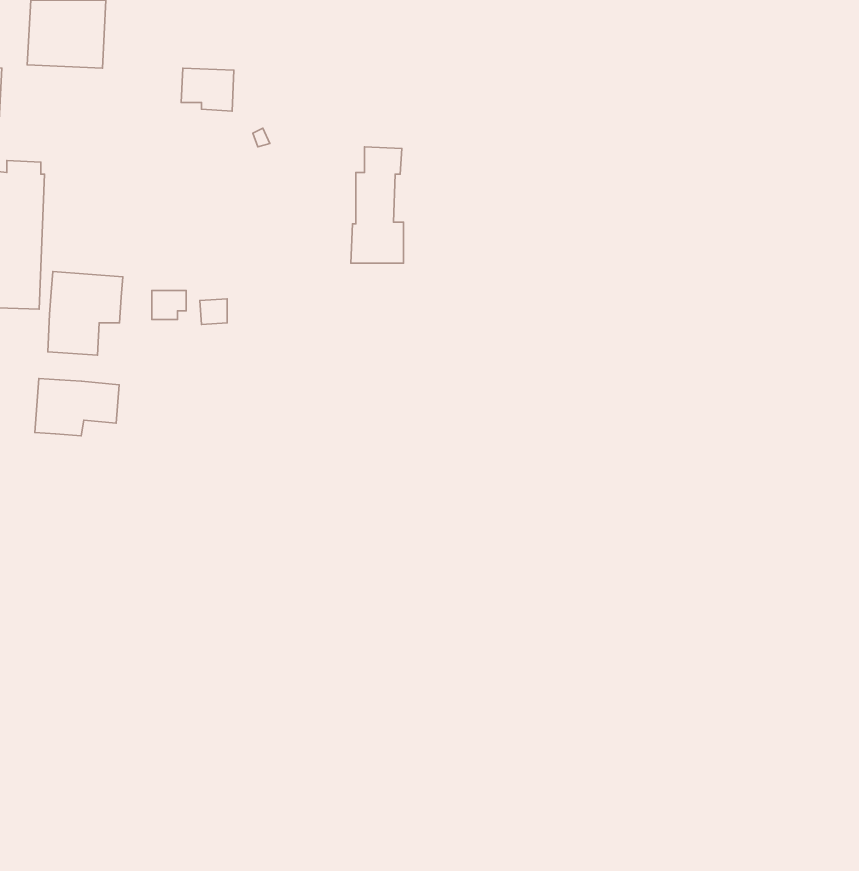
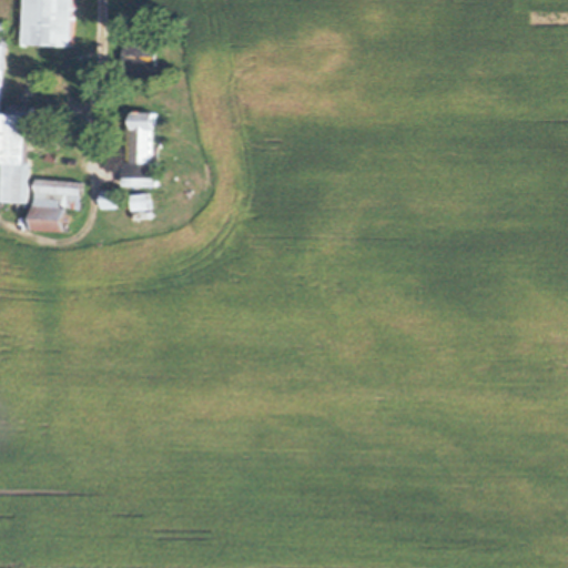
building: [351,147,404,263] -> [120,111,154,186]
building: [35,378,119,436] -> none

